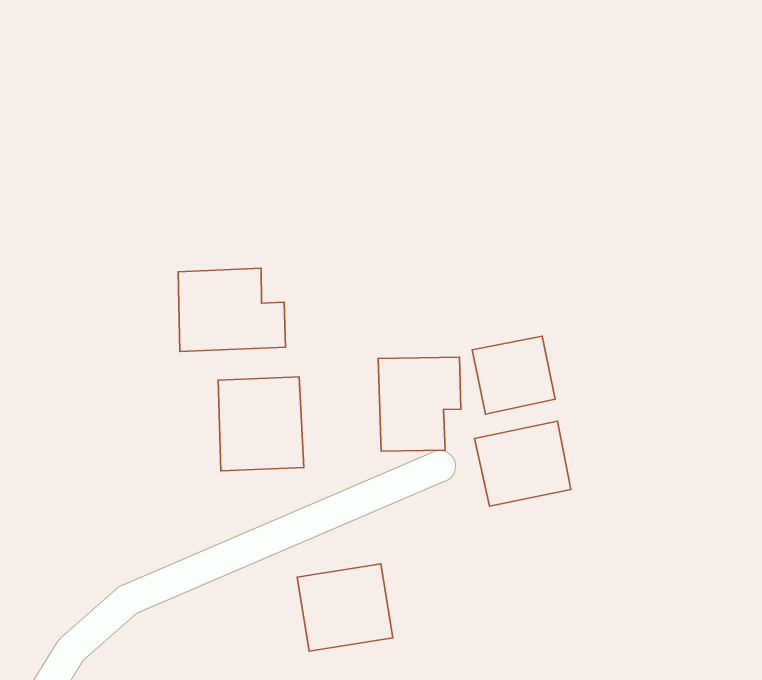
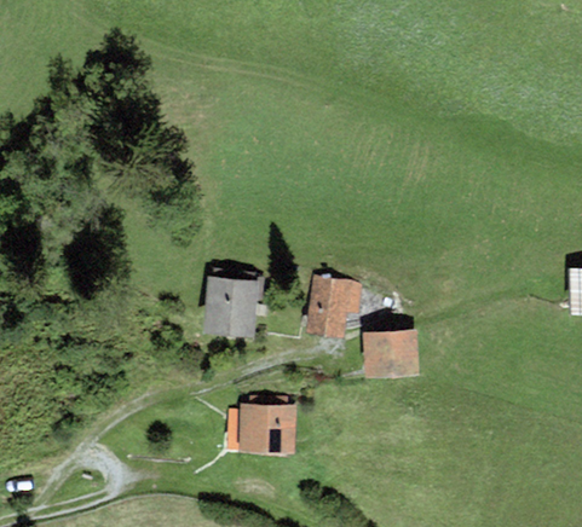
building: [178,268,285,352] -> none
building: [472,336,555,414] -> none

